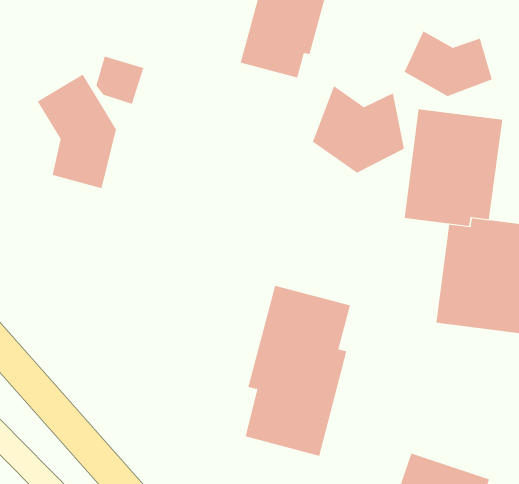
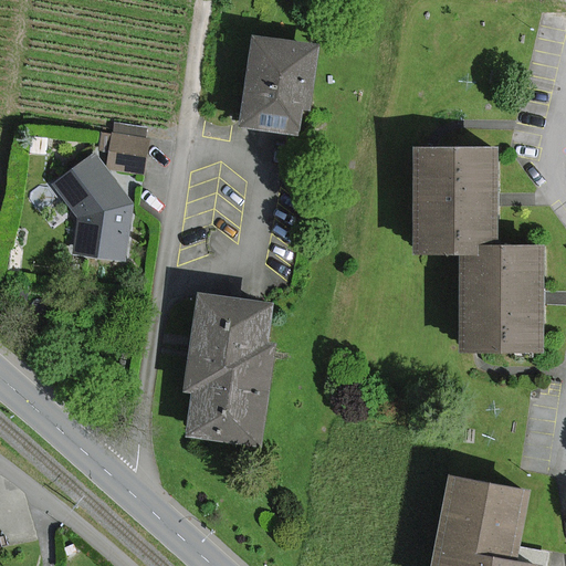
building: [404,30,492,97] -> none
building: [312,85,404,174] -> none
building: [245,285,351,457] -> [184,290,274,448]

